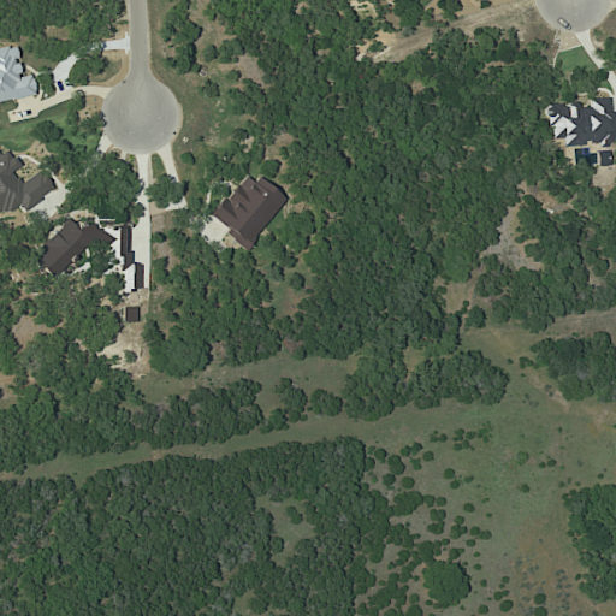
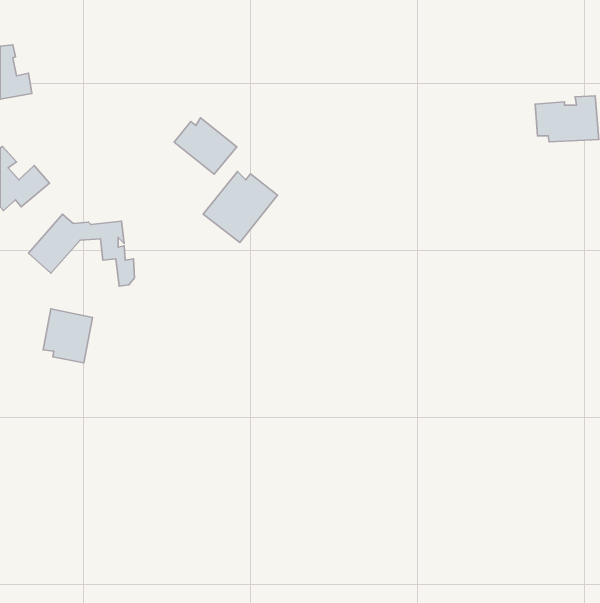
building: none -> [174,118,237,174]
building: none -> [43,309,92,363]

